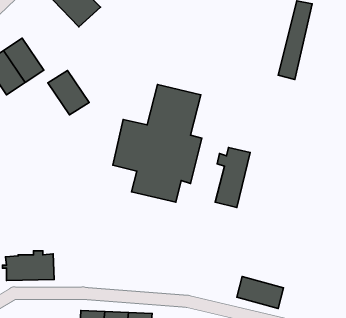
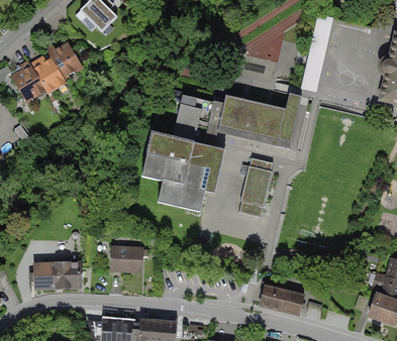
building: [48,71,89,115] -> [48,37,89,81]
building: none -> [220,93,299,143]
building: none -> [110,247,141,273]

